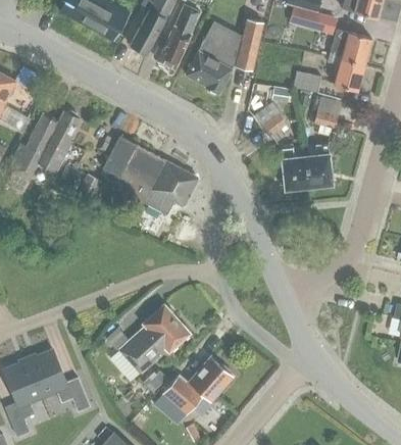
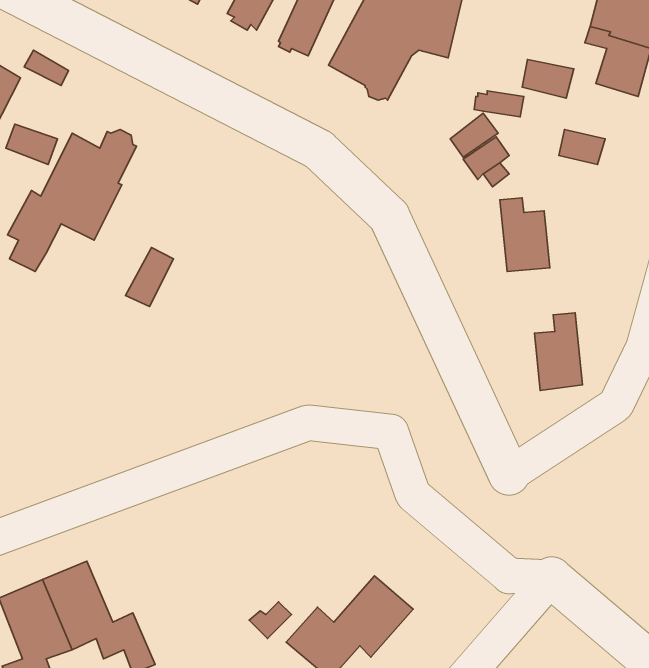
building: [102,136,196,208] -> none
building: [305,144,332,187] -> [535,313,583,390]
building: [118,304,190,374] -> none

